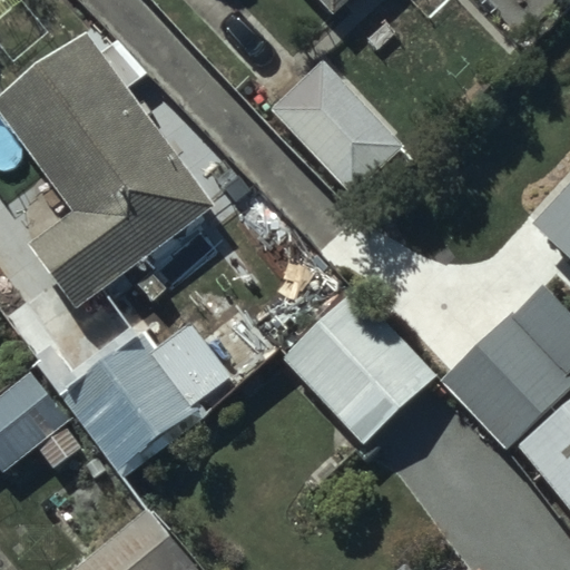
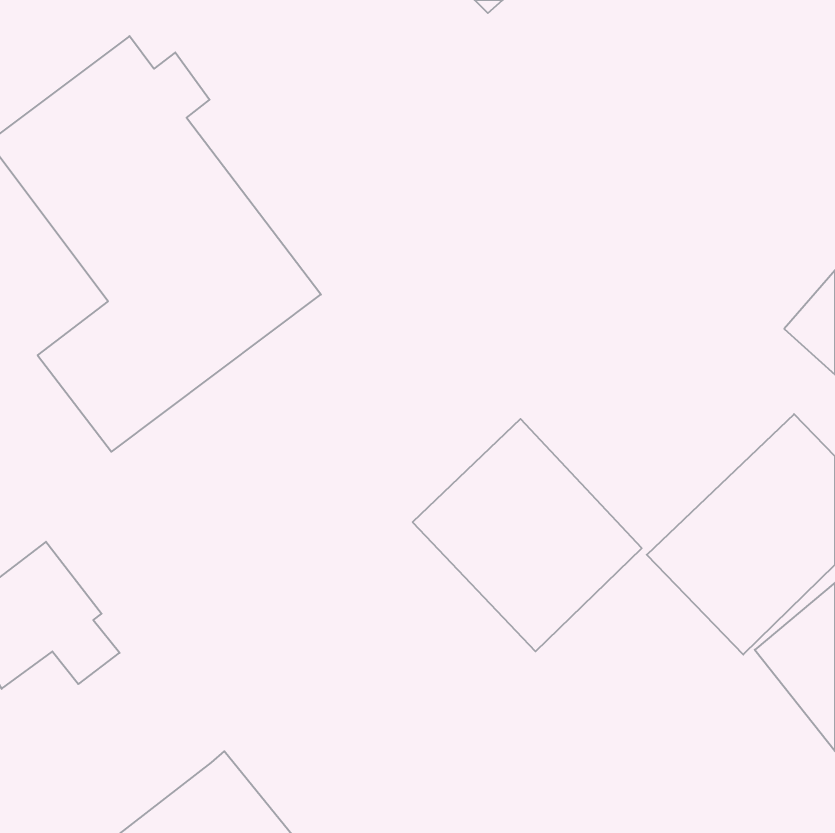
building: [269,60,405,197] -> none
building: [57,324,229,470] -> none

